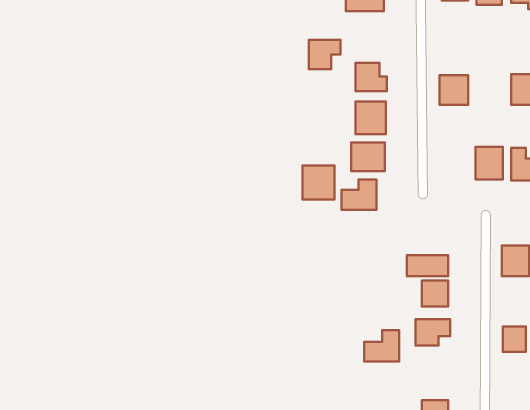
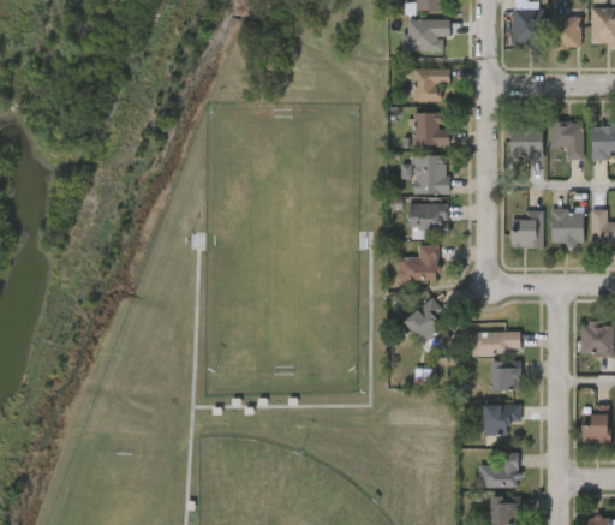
building: [309,40,341,69] -> [414,67,450,101]
building: none -> [551,121,583,159]
building: none -> [512,210,543,247]
building: [302,166,334,199] -> none
building: none -> [402,296,446,345]
building: [364,330,399,362] -> [479,453,519,489]

